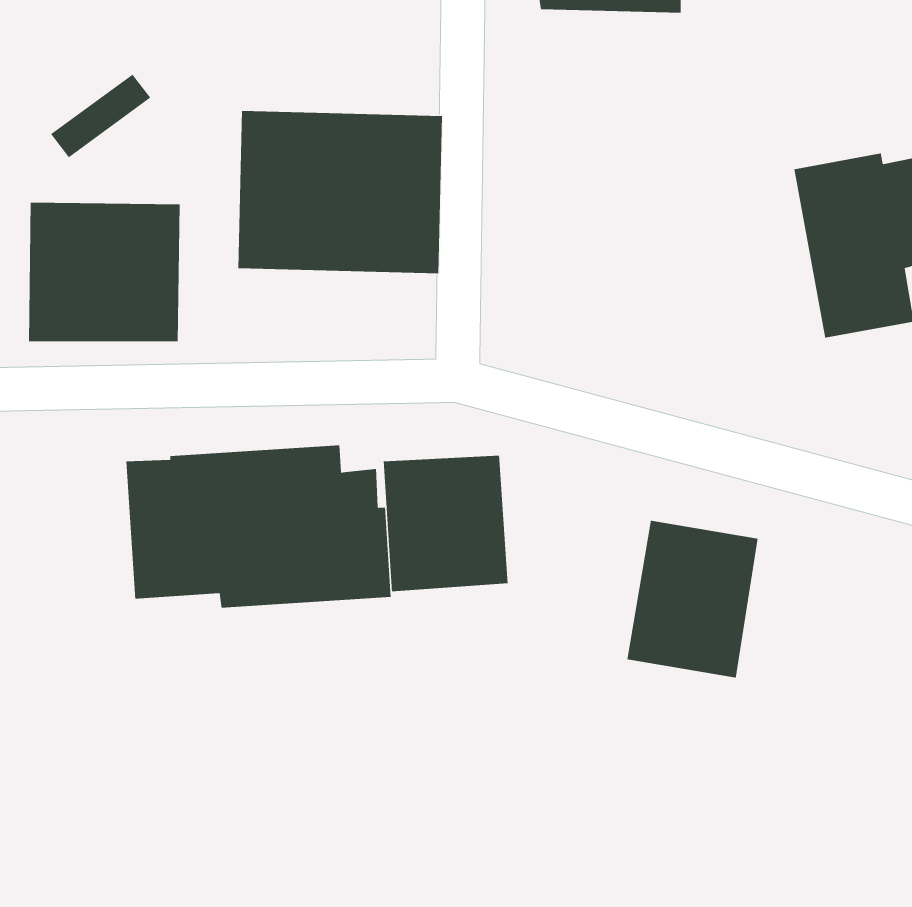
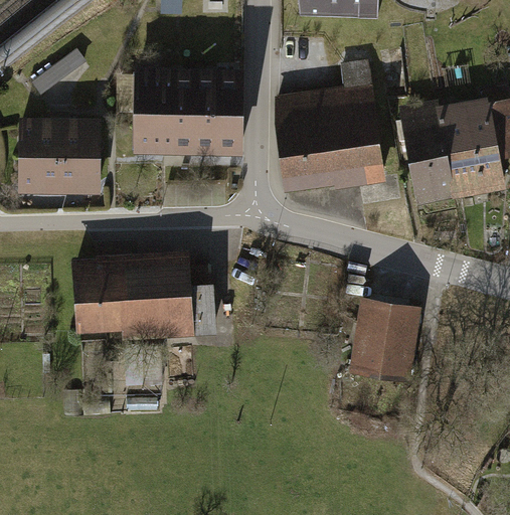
building: none -> [272,59,384,188]
building: none -> [397,99,456,203]
building: [383,455,508,592] -> none

